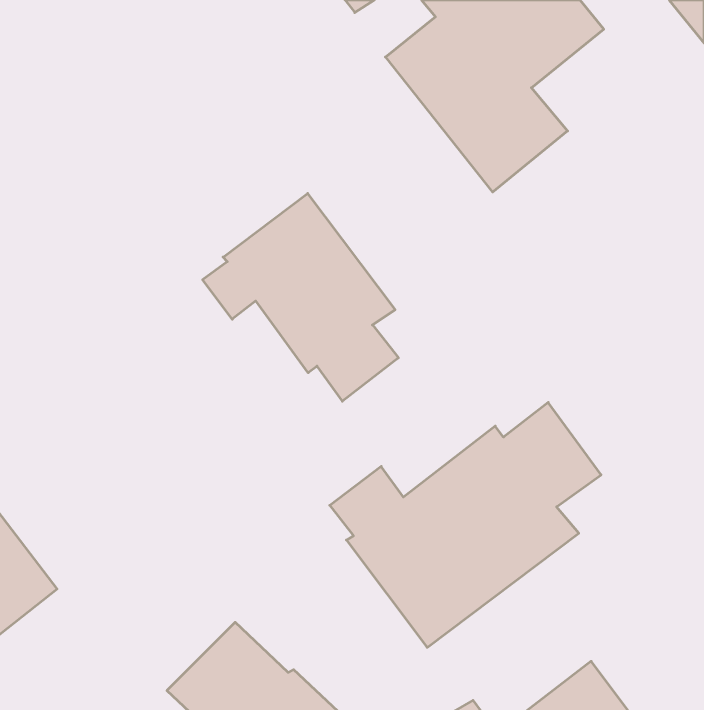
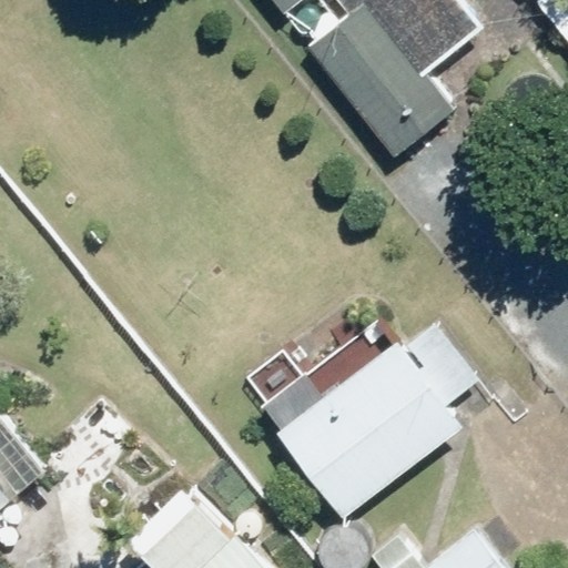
building: [203,193,398,401] -> none

